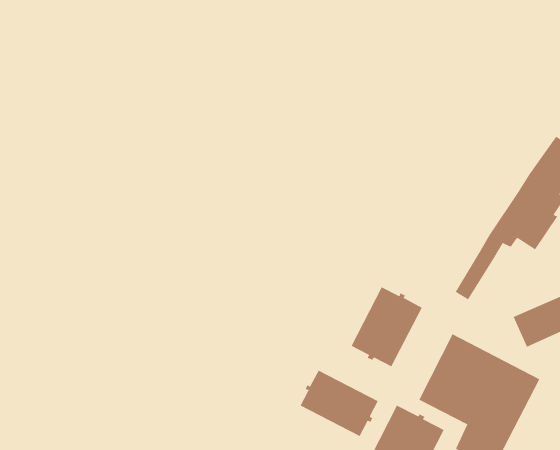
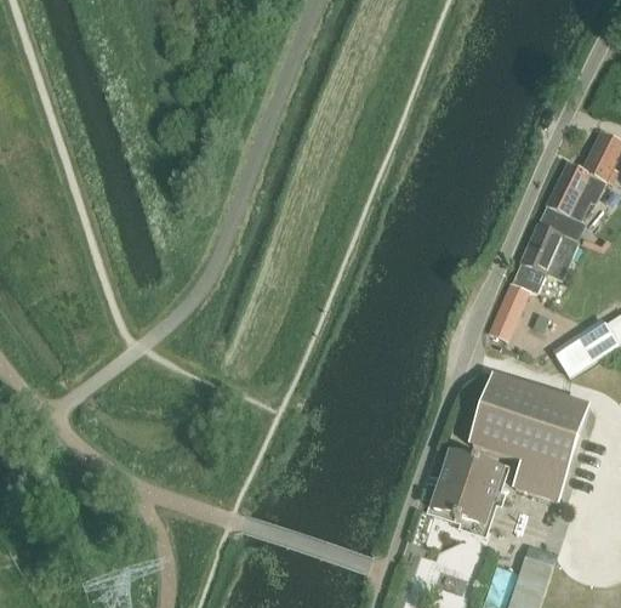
building: [351,286,422,367] -> none
building: [300,370,379,437] -> none

